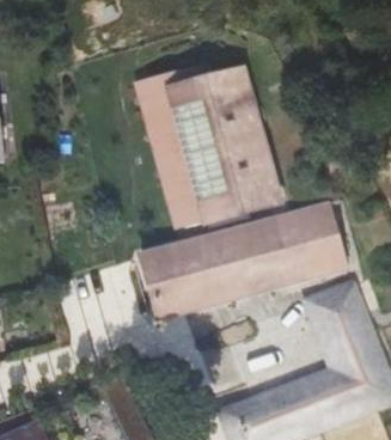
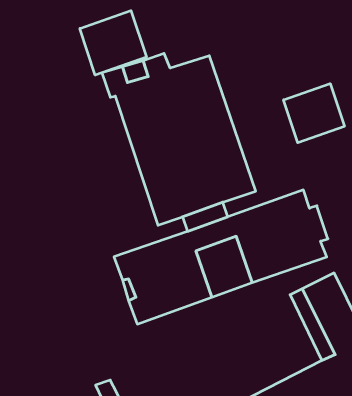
building: none -> [80,11,146,75]
building: none -> [284,84,344,143]

